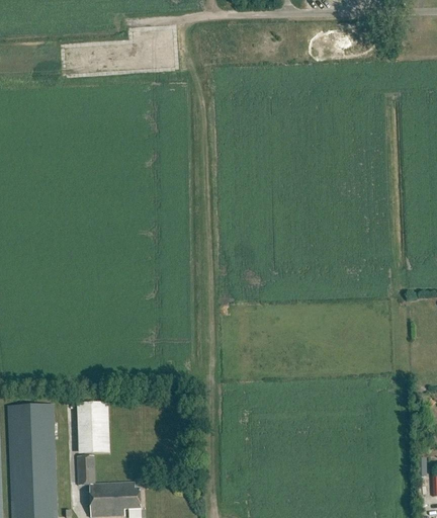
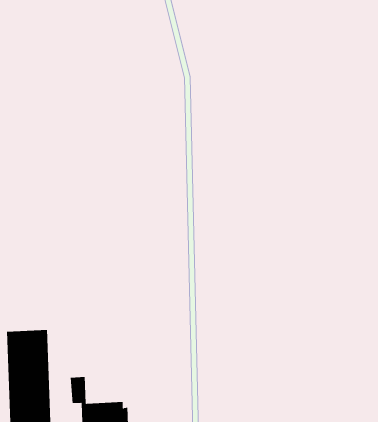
building: [77,402,110,453] -> none

